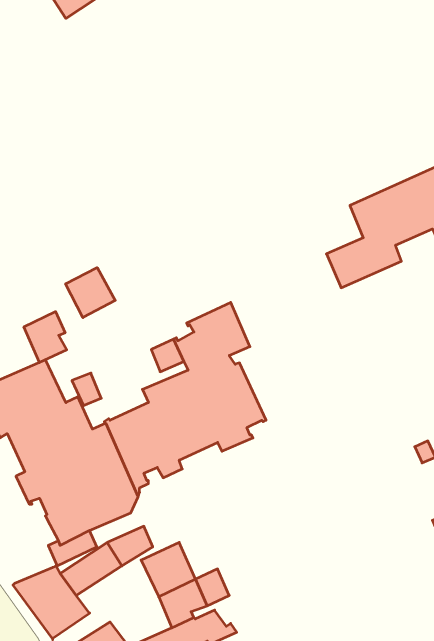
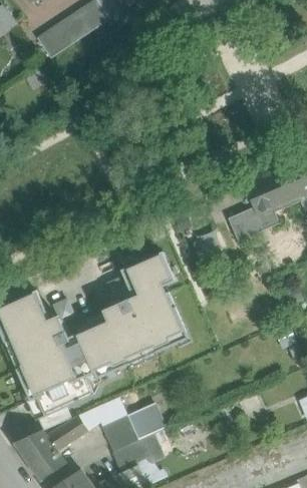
building: [66,268,115,318] -> none
building: [24,312,67,363] -> none
building: none -> [126,402,164,439]

